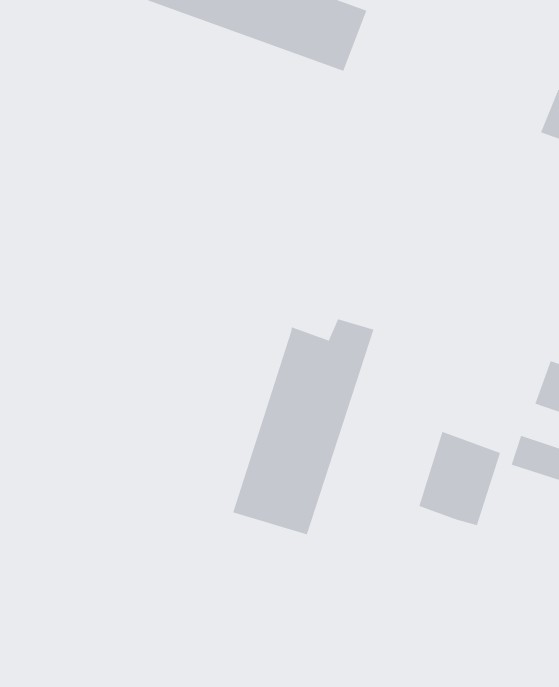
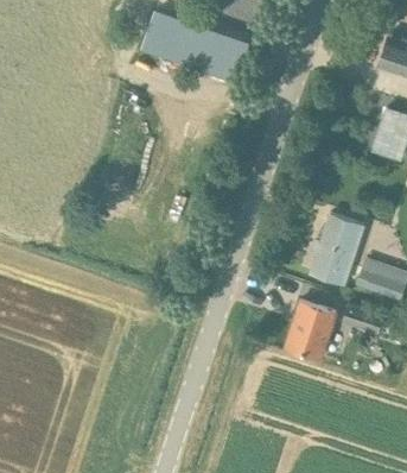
building: none -> [311,216,364,285]
building: [233,319,374,535] -> none

